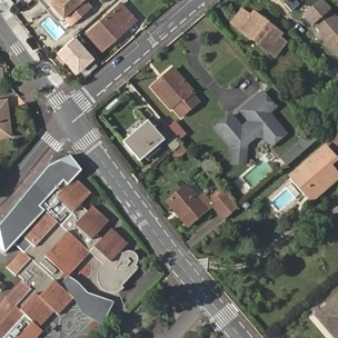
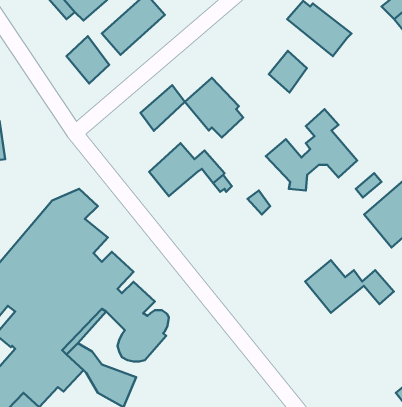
building: none -> [269,51,307,92]
building: none -> [141,85,185,131]
building: [167,185,236,226] -> [305,260,394,313]

